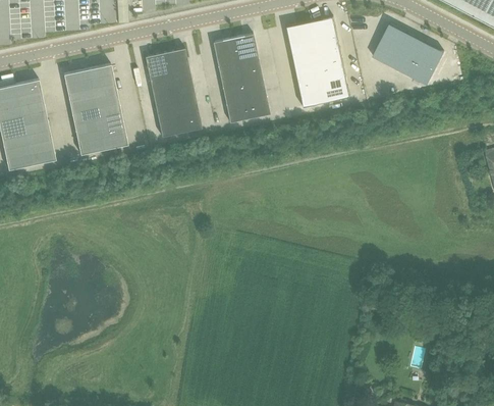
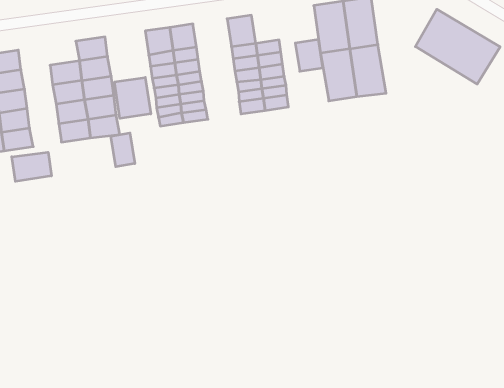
building: [233,34,258,61] -> [295,40,323,71]
building: [63,68,91,90] -> none
building: none -> [115,77,151,118]
building: none -> [111,133,135,167]
building: none -> [12,152,51,181]

